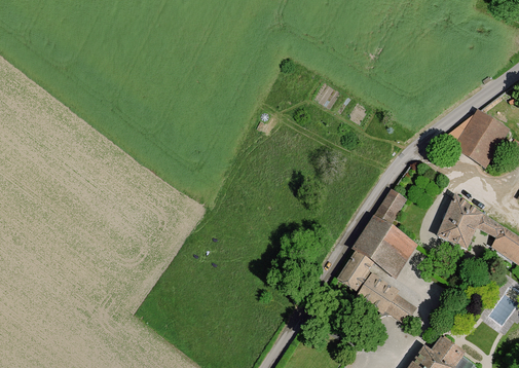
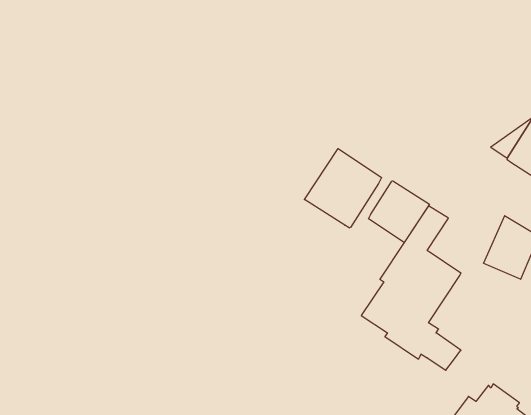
building: none -> [304,149,382,228]
building: none -> [369,181,429,242]

